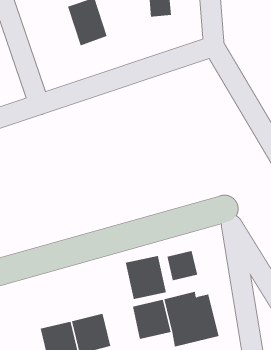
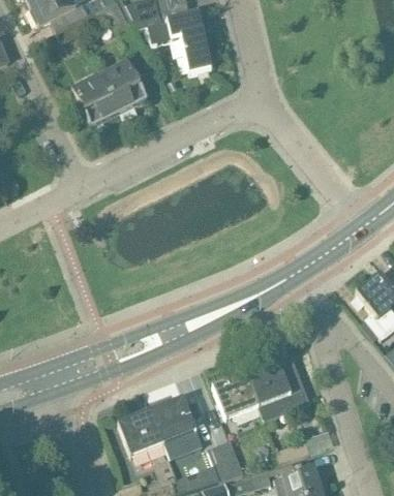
building: none -> [72,74,120,128]
building: [167,250,198,281] -> none
building: [125,255,167,300] -> none

